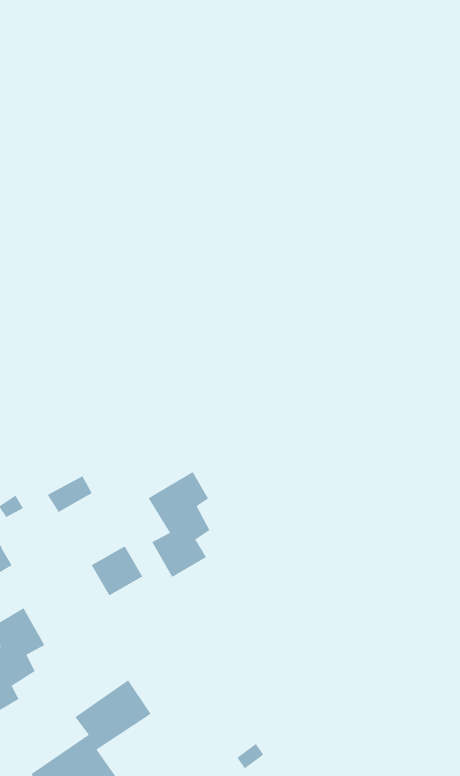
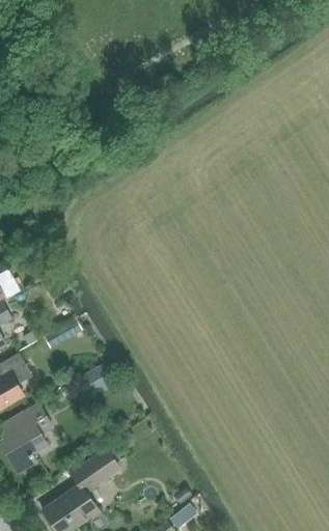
building: [148,471,210,578] -> none

